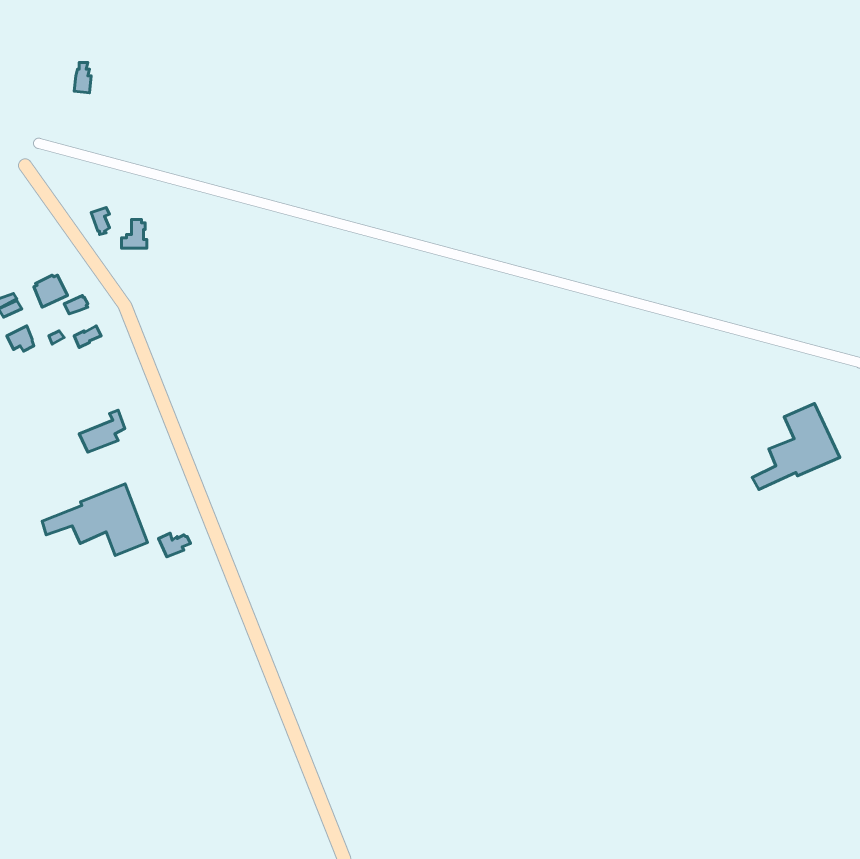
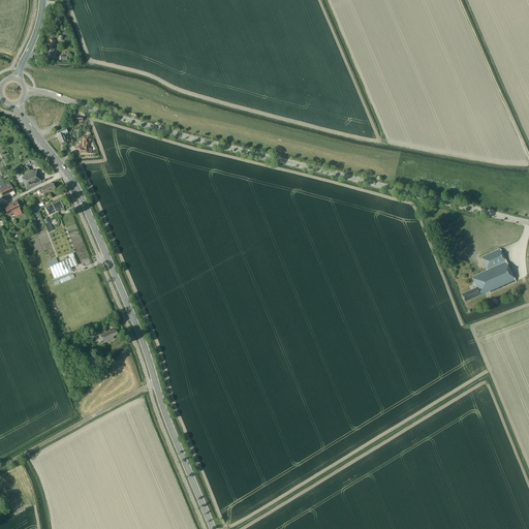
building: [42,484,147,556] -> none

